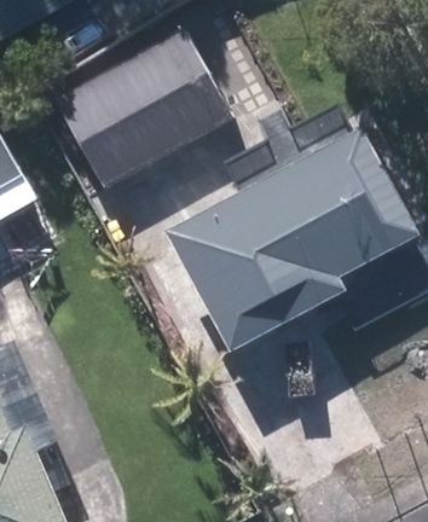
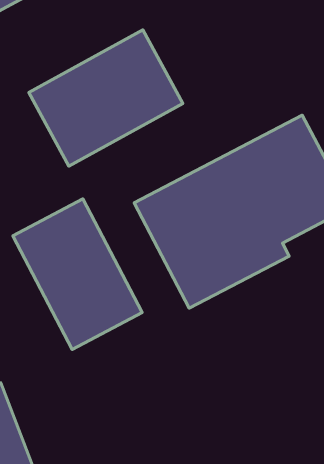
building: none -> [13,199,142,349]

